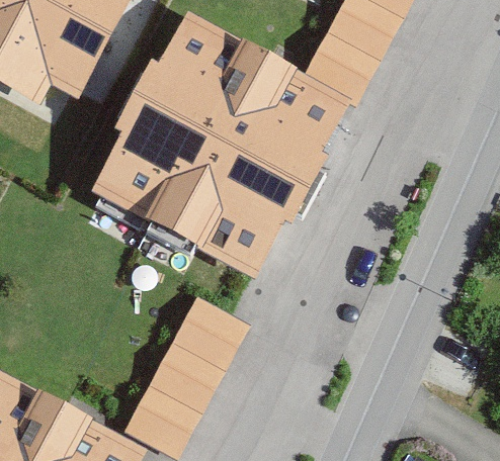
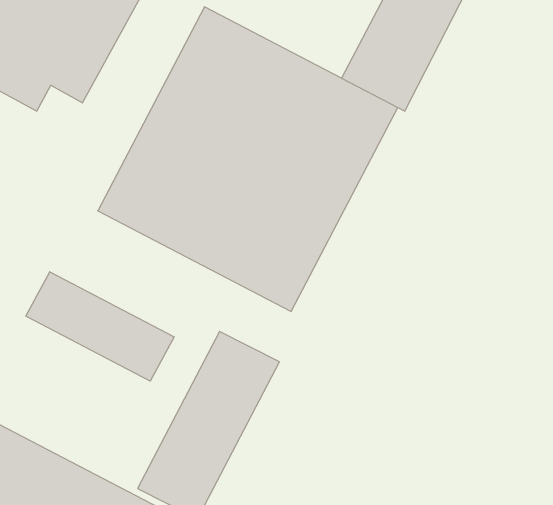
building: none -> [26,272,174,381]

